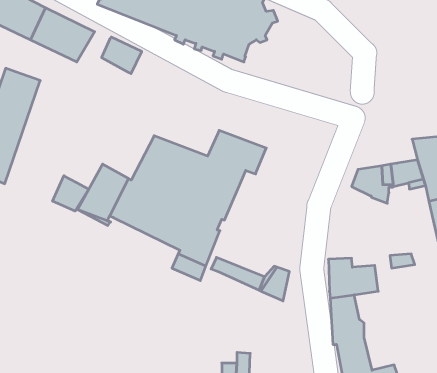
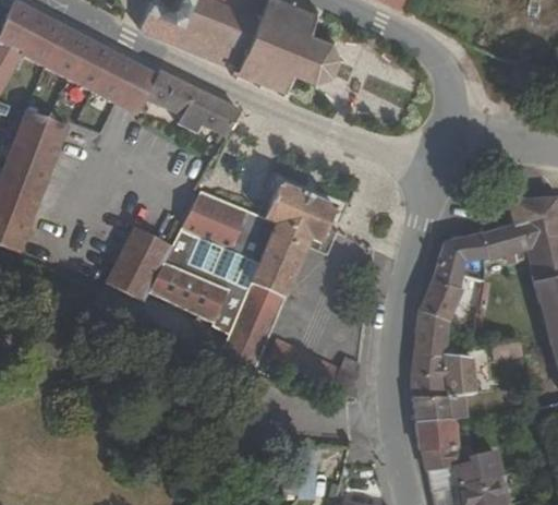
building: none -> [107,63,147,111]
building: none -> [171,87,235,137]
building: [53,176,89,211] -> none
building: none -> [415,253,469,342]

